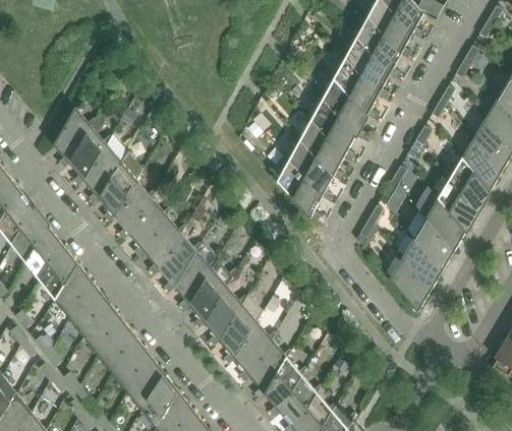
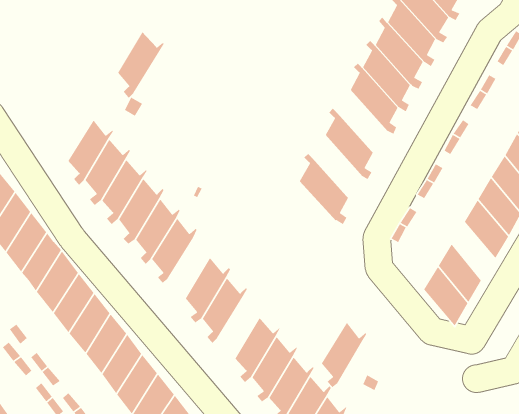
building: [311,95,356,160] -> none
building: [53,107,96,168] -> [117,31,165,99]
building: [289,135,334,200] -> none
building: [414,218,454,270] -> none
building: [159,232,201,292] -> none
building: [204,285,245,345] -> [321,322,367,388]

